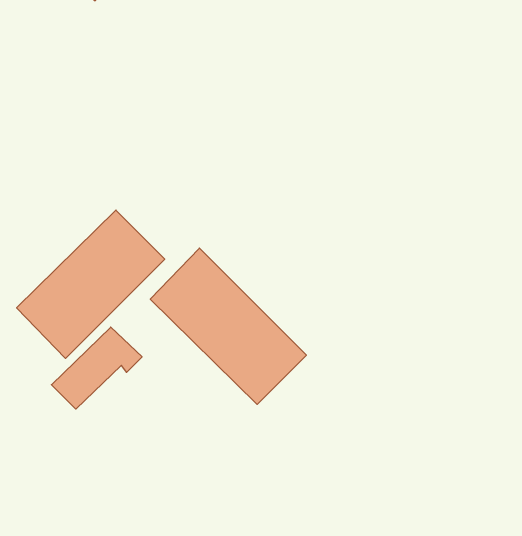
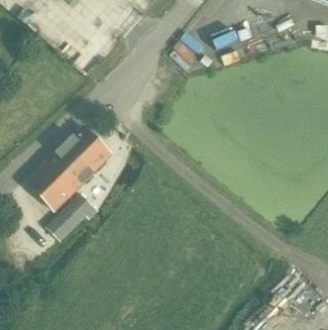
building: [150,248,306,404] -> none

